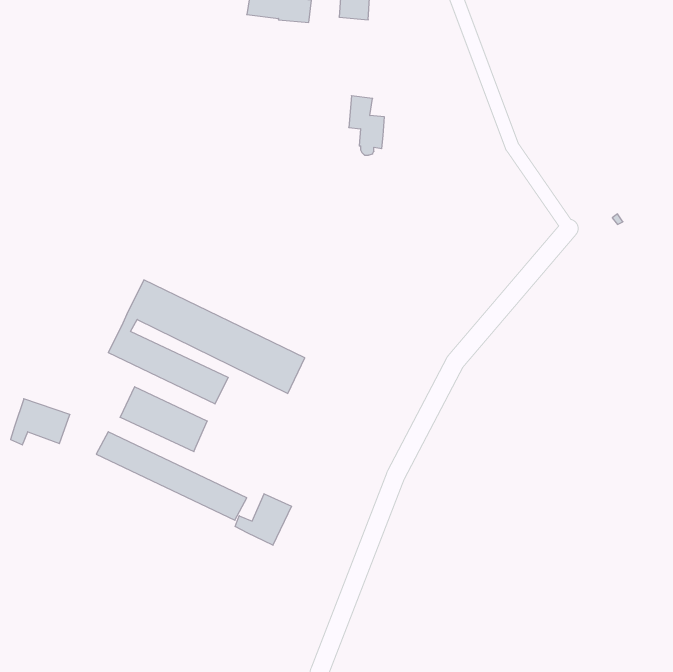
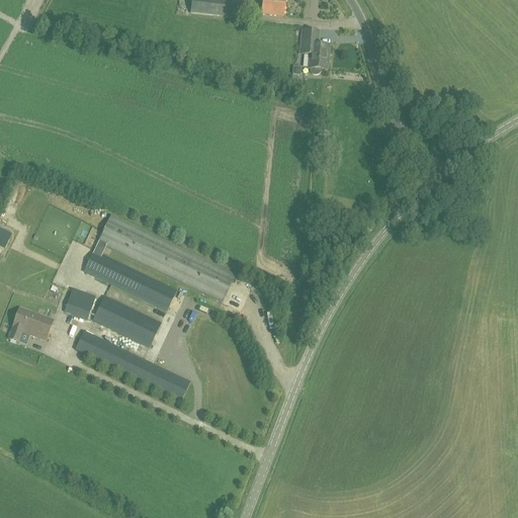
building: [349,96,384,155] -> [299,28,327,74]
building: none -> [64,291,93,318]
building: [235,494,292,545] -> none

